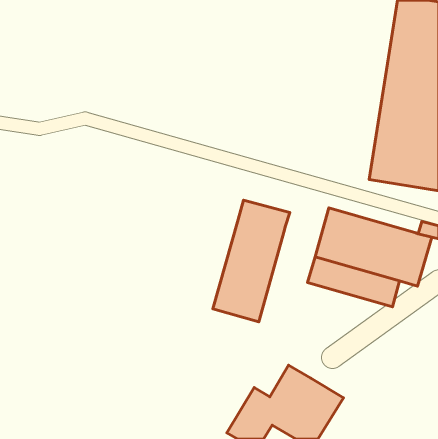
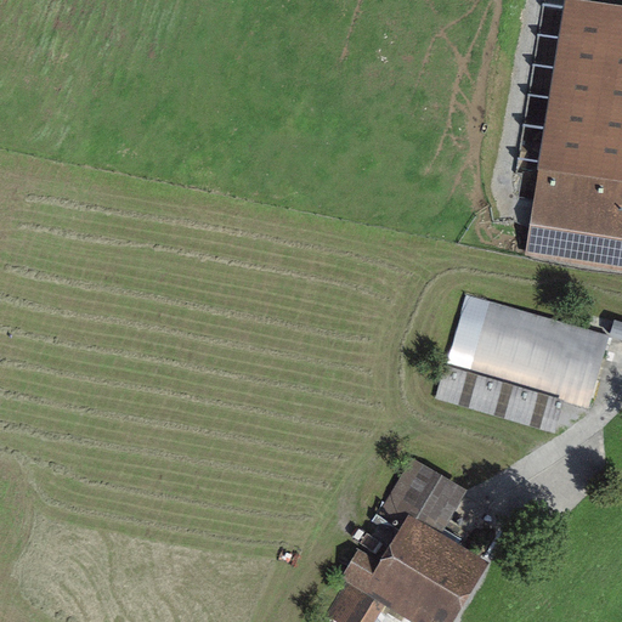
building: [213,200,290,322] -> none
building: none -> [388,457,469,535]

